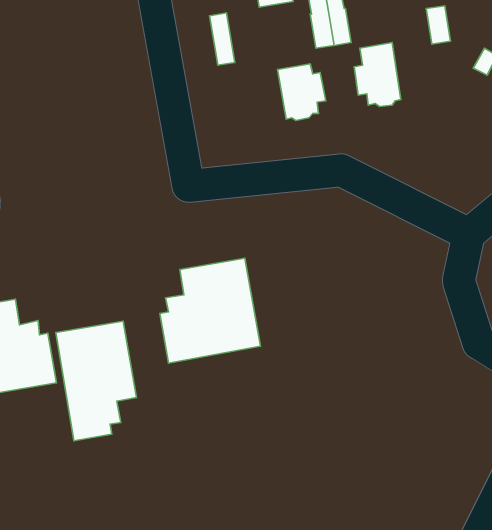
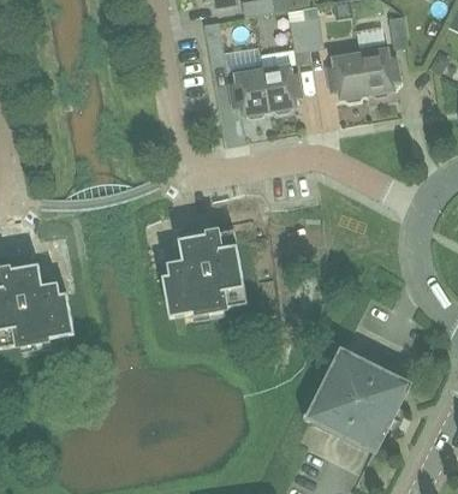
building: none -> [358,41,399,95]
building: none -> [228,63,268,117]
building: [56,321,136,441] -> none
building: none -> [309,352,405,448]

